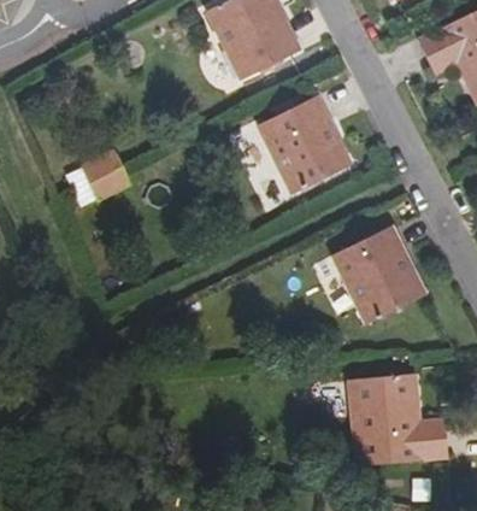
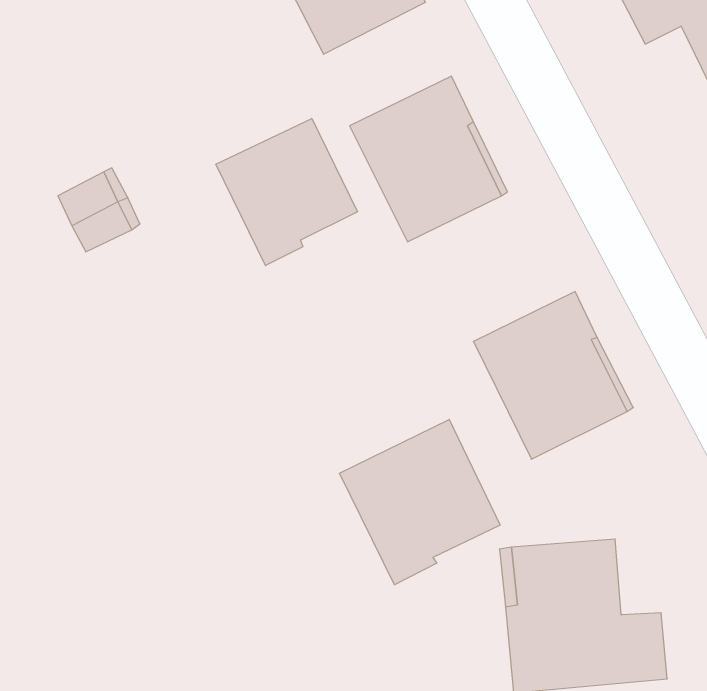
building: none -> [216,118,358,266]
building: none -> [340,419,500,585]

